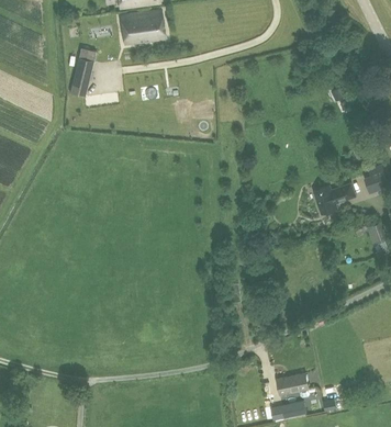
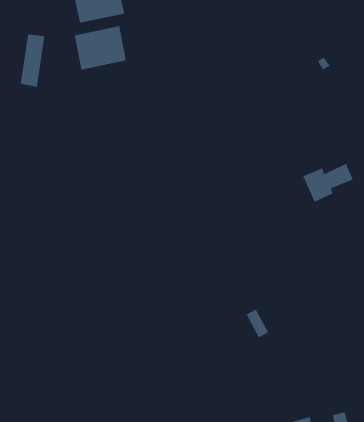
building: none -> [74,25,127,70]
building: [276,372,309,396] -> none

